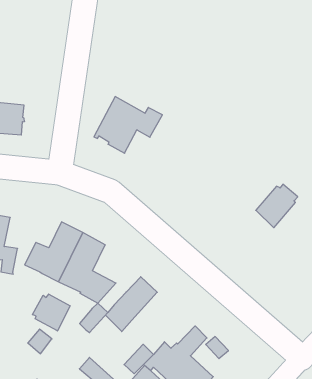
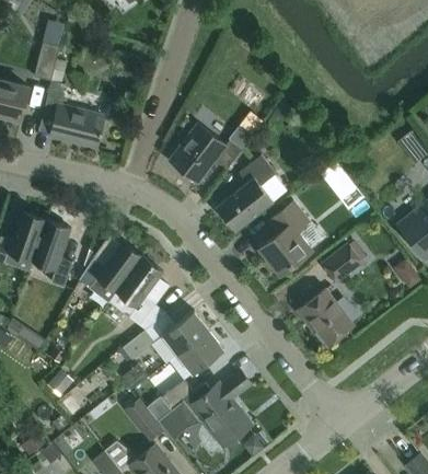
building: none -> [216,157,276,232]
building: none -> [258,203,310,275]
building: none -> [296,289,352,346]
building: none -> [176,331,223,375]
building: [32,294,70,331] -> none

